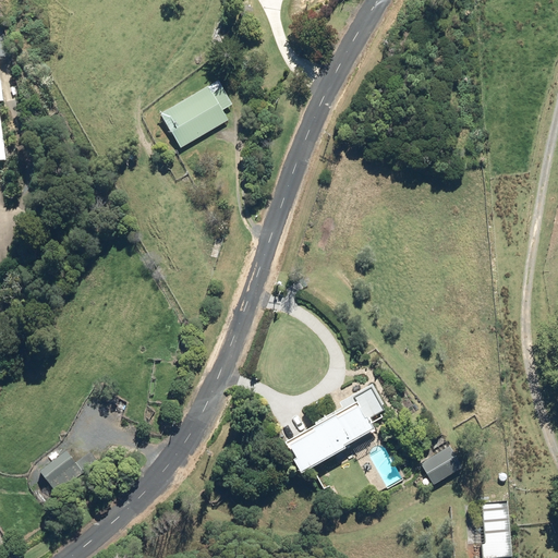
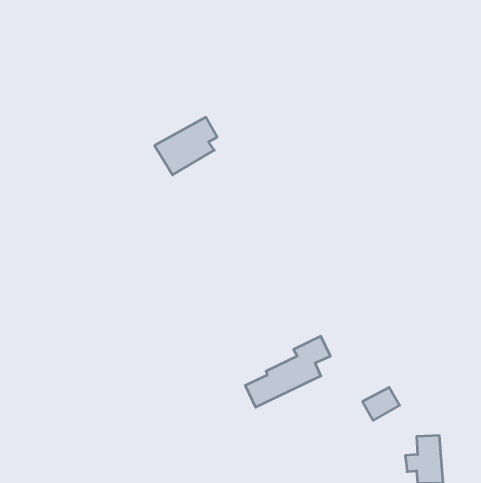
building: [160,81,232,147] -> [155,117,217,175]
building: [39,450,97,487] -> none

